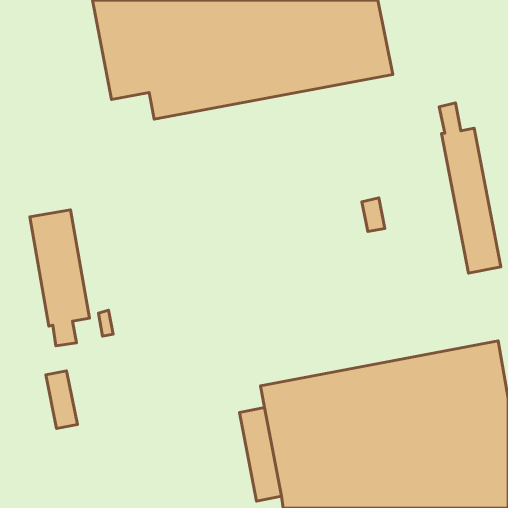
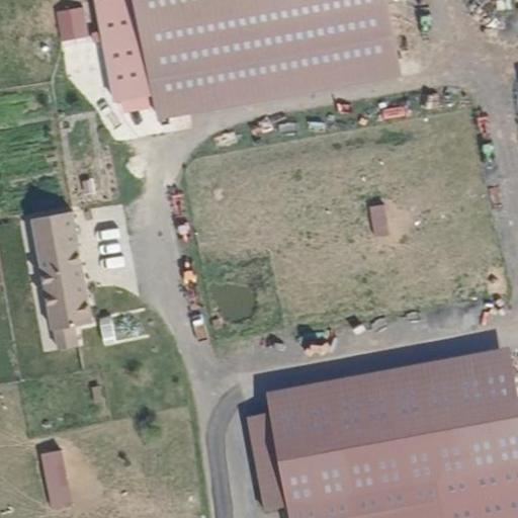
building: none -> [56,6,89,40]
building: [439,103,501,273] -> none
building: [46,371,78,429] -> [40,450,73,509]

